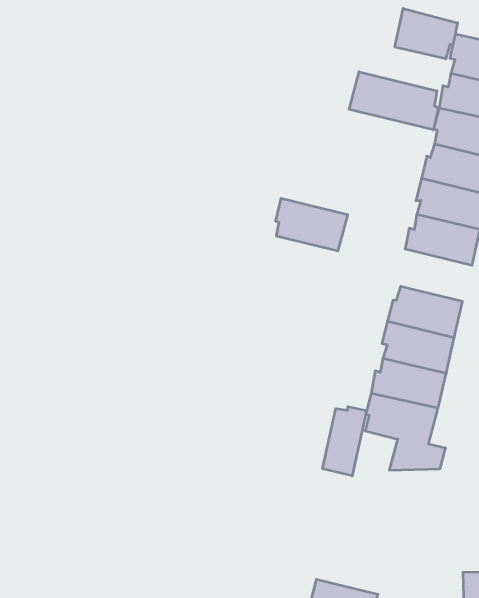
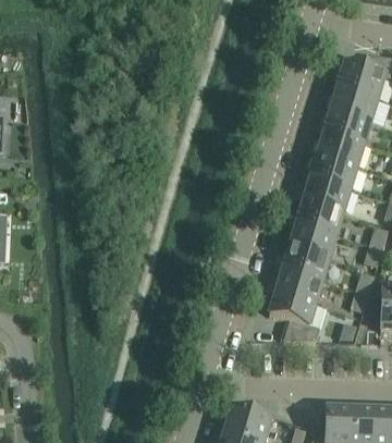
building: [395,8,458,59] -> none
building: [349,72,438,130] -> none
building: [275,198,348,251] -> [297,197,344,233]
building: [323,407,366,476] -> none

